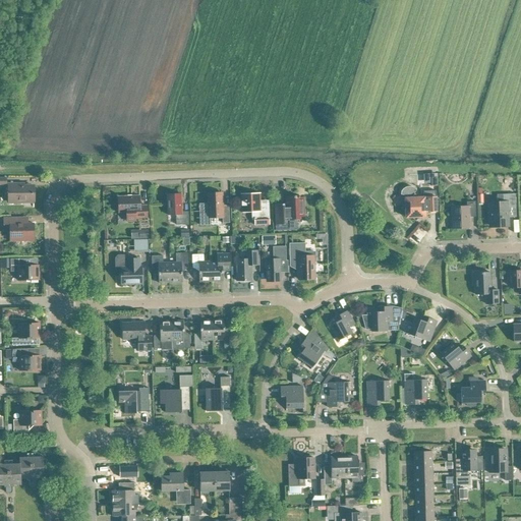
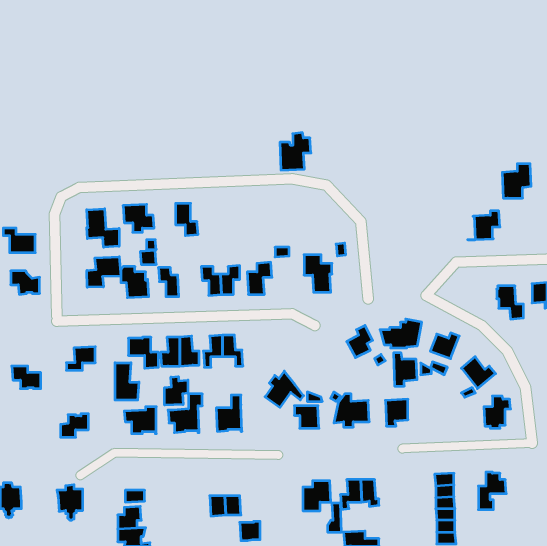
building: [8,183,34,207] -> none
building: [400,185,436,220] -> none
building: [197,191,229,225] -> none
building: [240,192,269,224] -> none
building: [488,193,516,226] -> [502,164,531,198]
building: [274,194,303,230] -> [280,133,311,170]
building: none -> [87,209,119,247]
building: none -> [87,257,121,287]
building: [264,245,285,279] -> none
building: [169,251,187,282] -> none
building: [11,322,39,344] -> [66,347,95,370]
building: [297,332,334,366] -> [265,371,304,407]
building: none -> [115,363,139,400]
building: none -> [165,377,188,405]
building: [404,372,426,404] -> [394,353,417,386]
building: [13,409,40,431] -> [61,414,88,437]
building: [489,448,512,479] -> none
building: [18,452,43,485] -> [57,485,83,520]
building: [161,472,190,503] -> none

